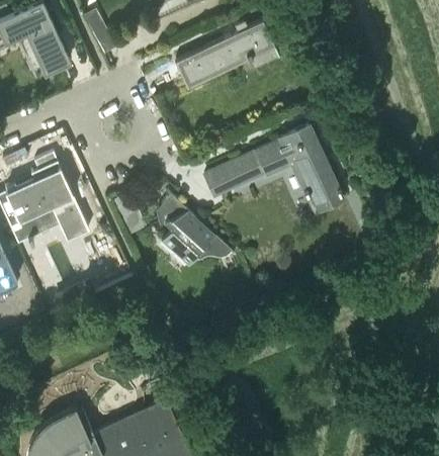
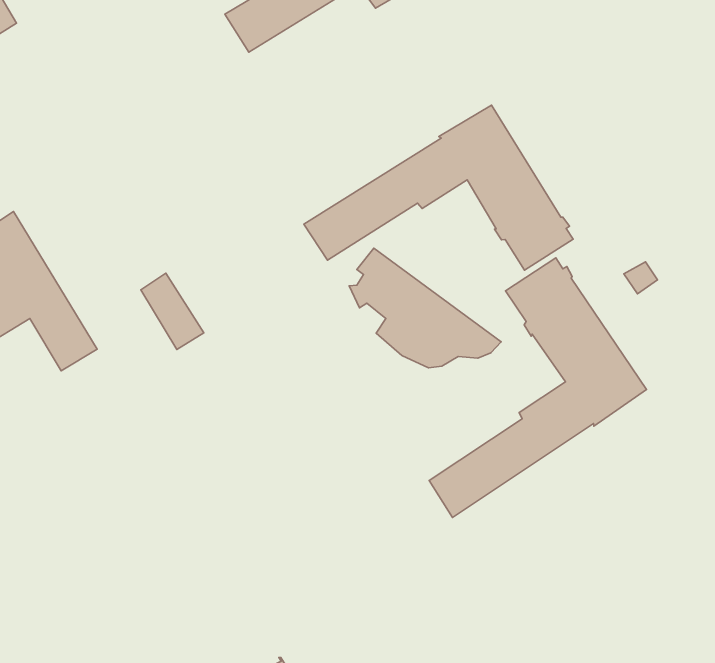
building: [157,195,233,261] -> [349,248,501,368]
building: none -> [429,258,646,517]

